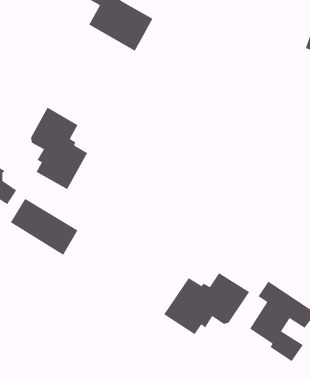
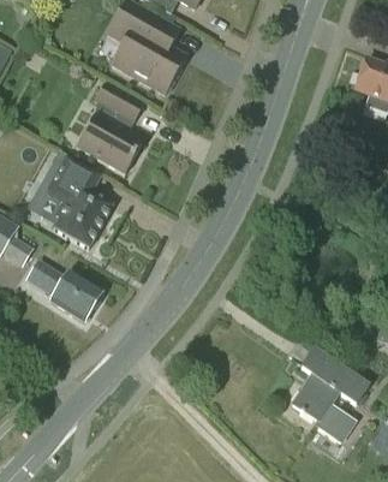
building: none -> [77,81,143,172]
building: [163,272,250,335] -> none

